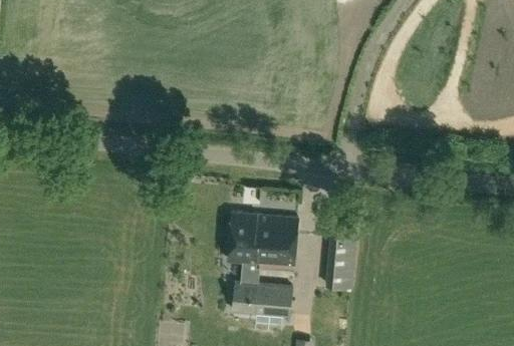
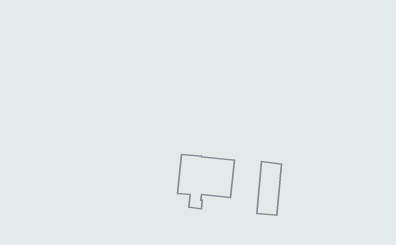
building: [231,279,291,317] -> none

